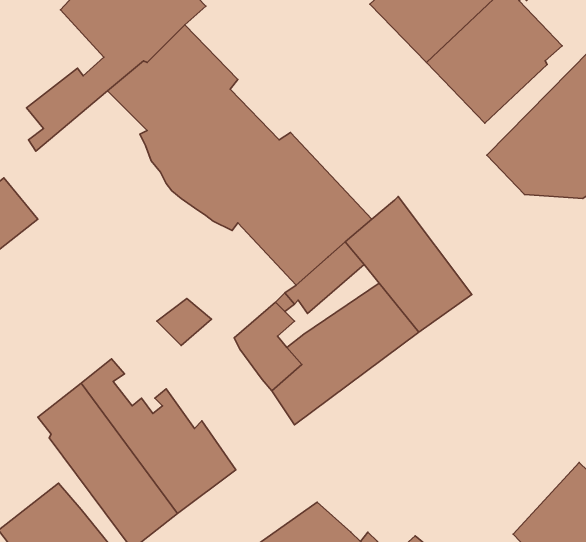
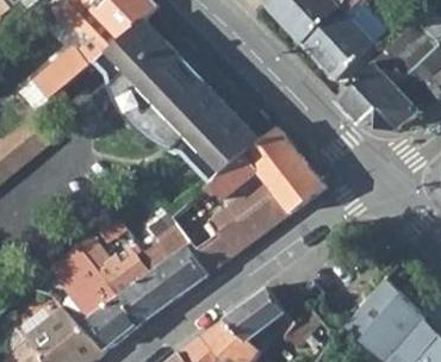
building: none -> [145,223,209,299]
building: none -> [228,287,297,338]

